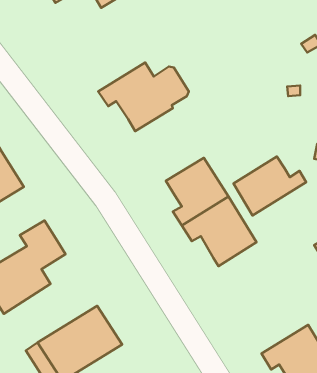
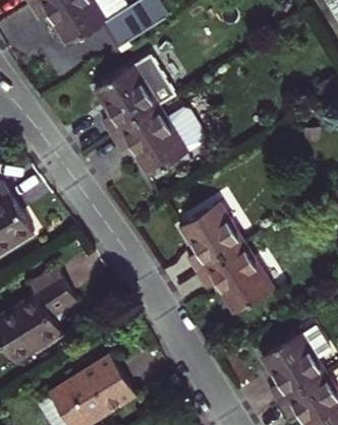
building: none -> [95,53,176,134]
building: [234,156,306,215] -> none
building: none -> [262,326,330,403]

